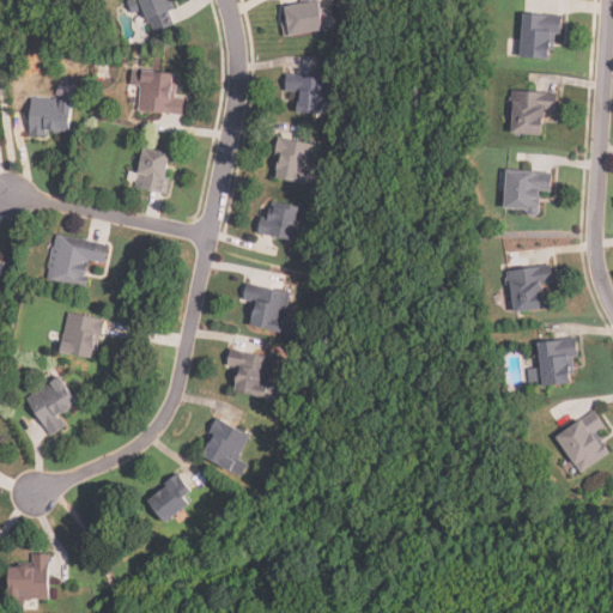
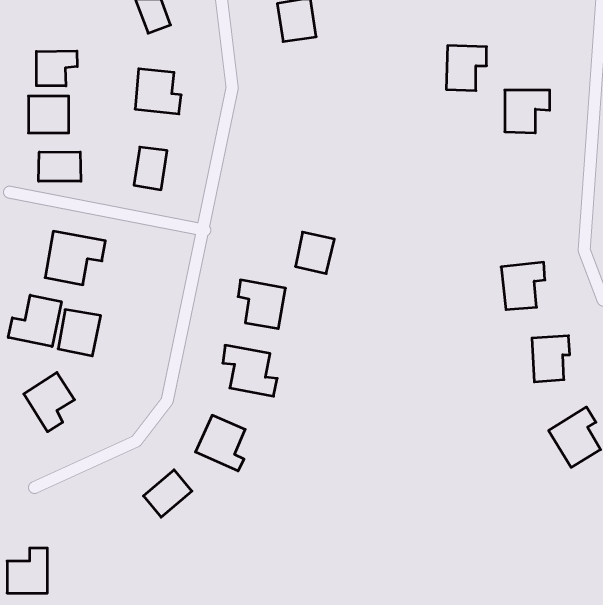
building: [520,13,560,59] -> [446,46,487,91]
building: none -> [36,51,77,86]
building: [284,74,328,113] -> none
building: [272,138,312,183] -> none
building: none -> [39,152,81,181]
building: [504,170,550,212] -> none
building: [259,199,298,241] -> [295,232,334,274]
building: none -> [8,295,61,347]

